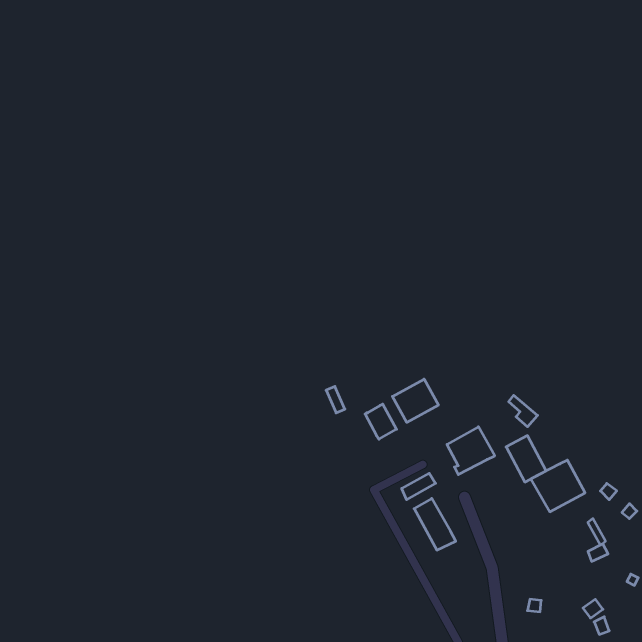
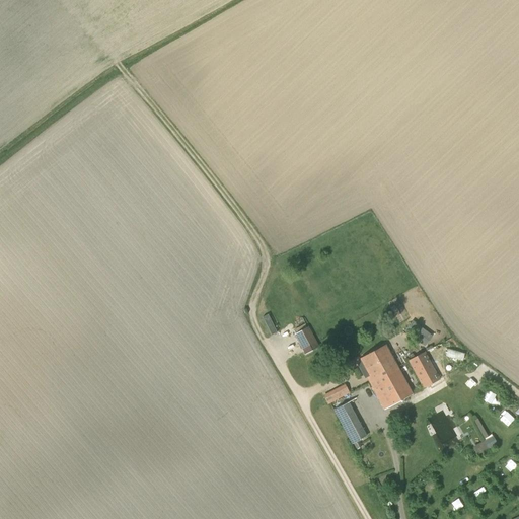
building: [392,379,438,422] -> none
building: [531,460,585,512] -> [370,367,414,409]

